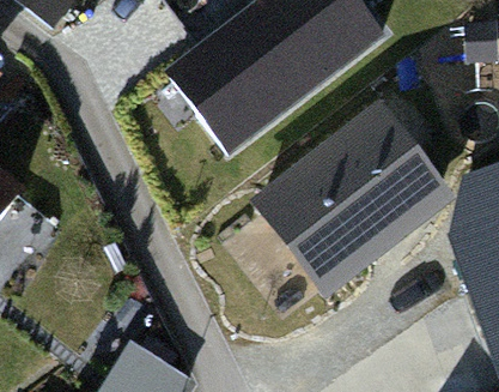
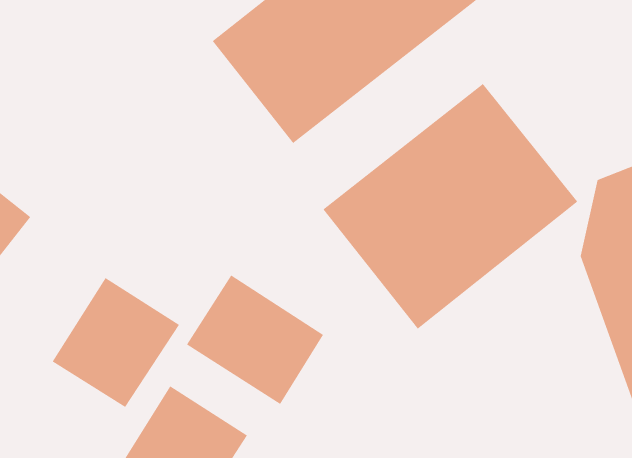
building: none -> [186,274,324,405]
building: none -> [52,277,180,408]

